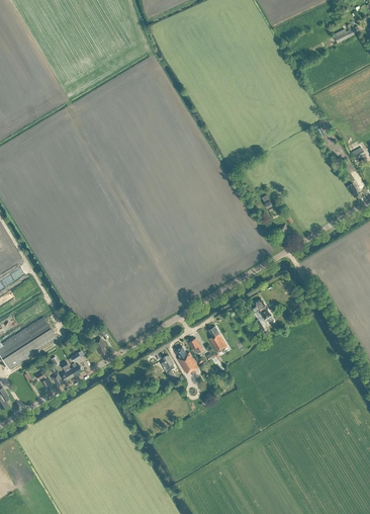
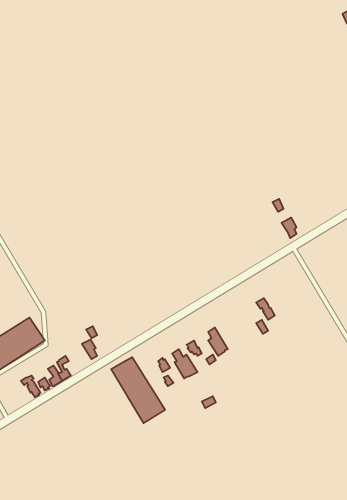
building: none -> [111,357,165,423]

